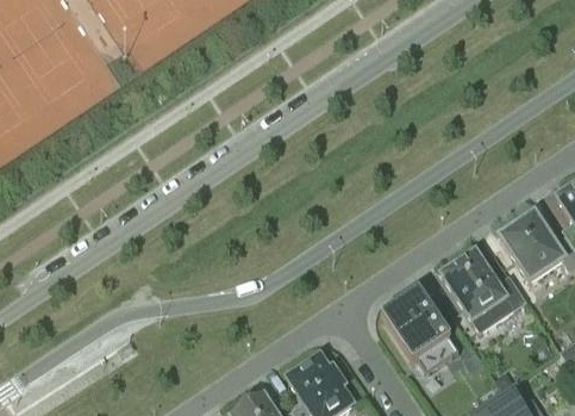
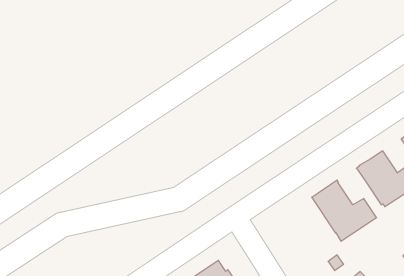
building: [381,290,458,371] -> none

